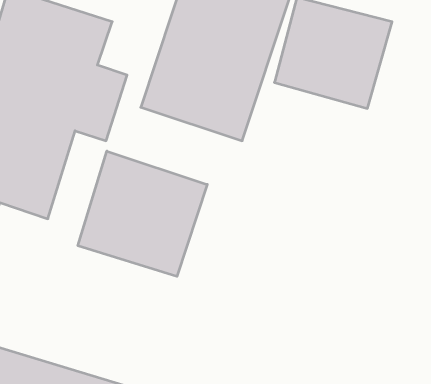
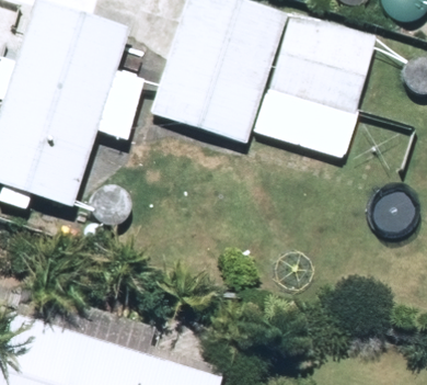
building: [78,151,207,276] -> none

